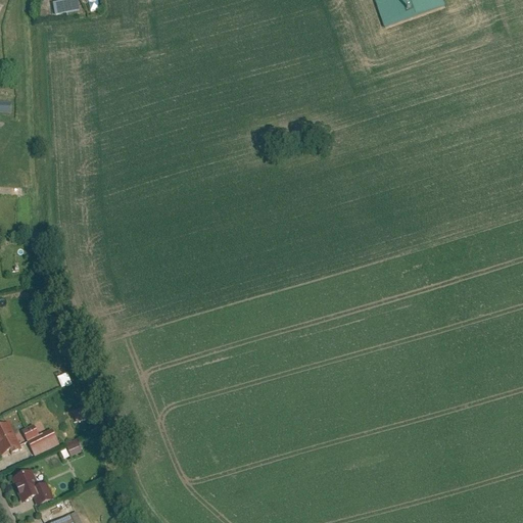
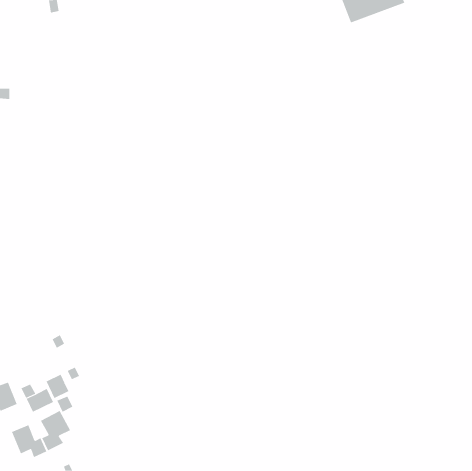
building: none -> [46,374,69,399]
building: none -> [40,410,71,451]

